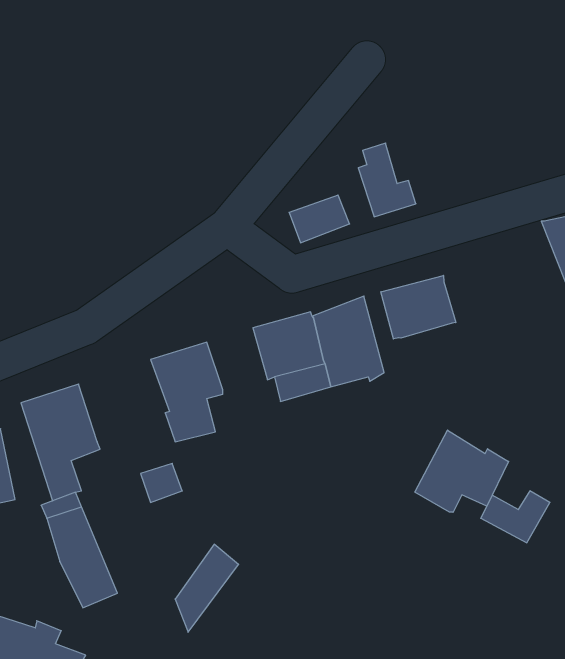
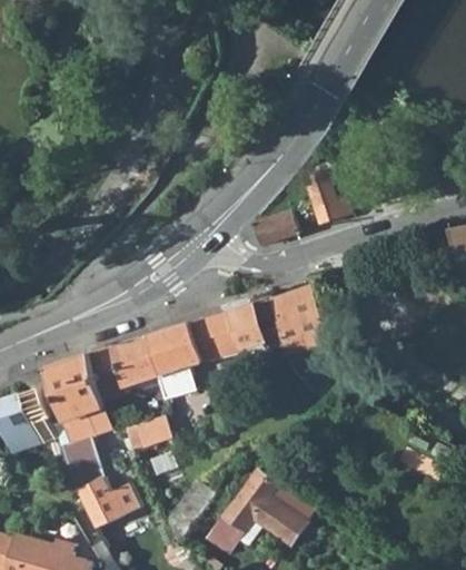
building: [381,275,456,339] -> none
building: none -> [189,311,236,358]
building: none -> [90,335,160,399]
building: [415,430,509,512] -> none
building: none -> [208,469,307,552]

